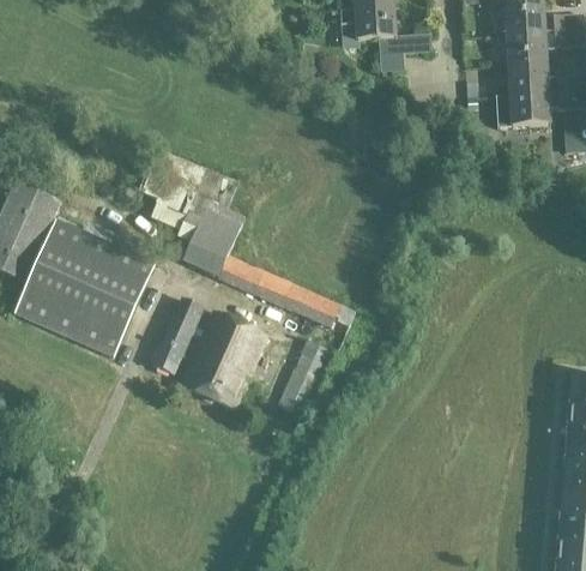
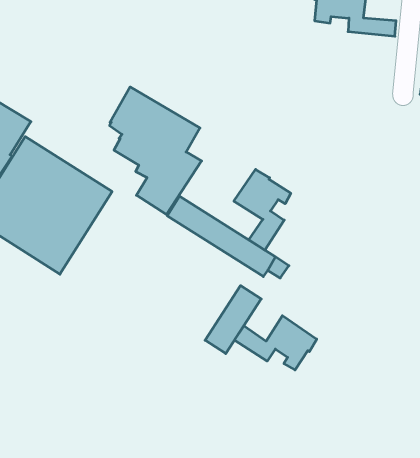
building: none -> [234,169,291,250]
building: [151,297,266,408] -> none
building: none -> [235,316,317,370]

